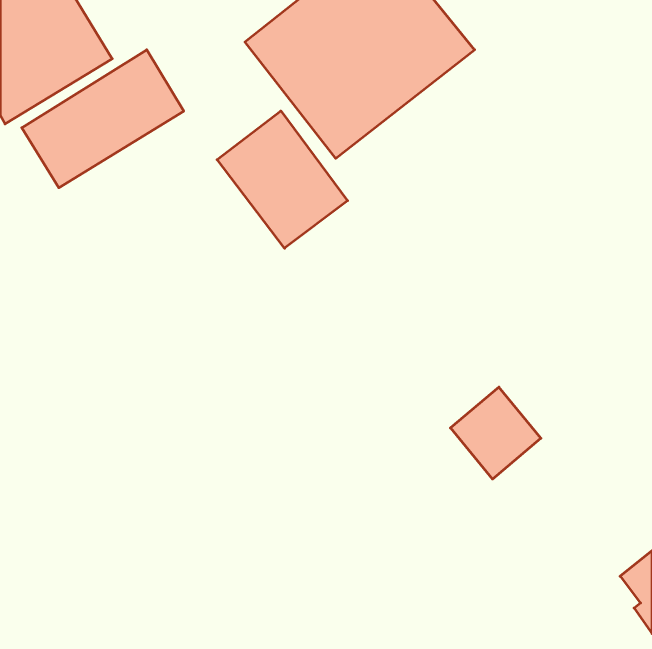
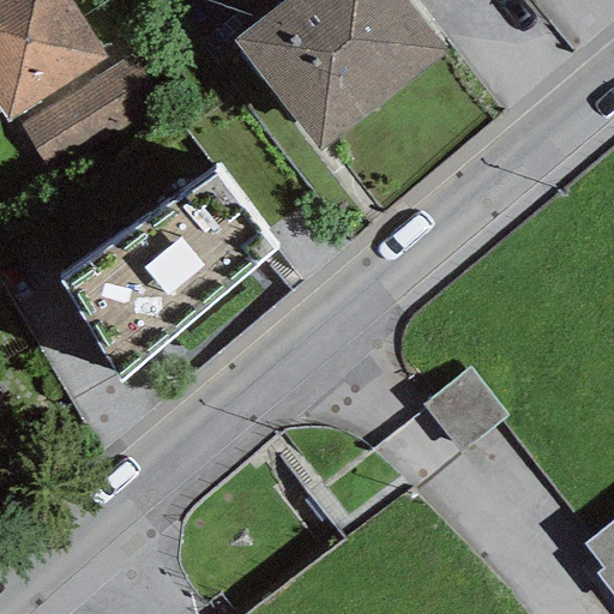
building: [217,111,348,248] -> none
building: none -> [58,169,273,380]

